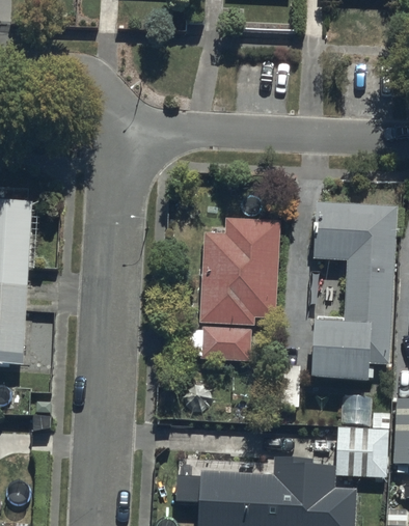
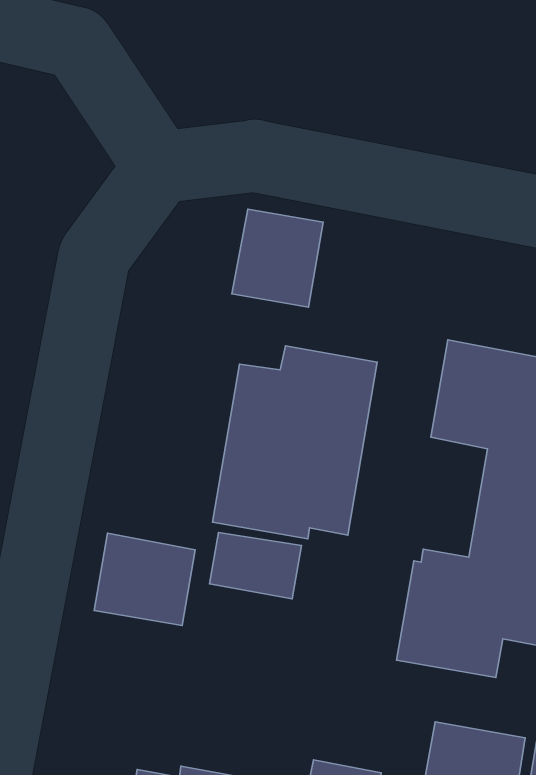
building: none -> [232,209,323,307]
building: none -> [94,533,195,626]

